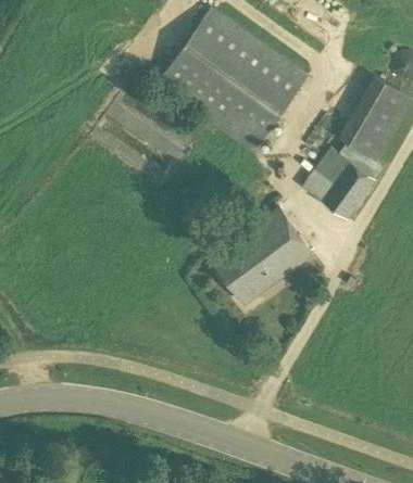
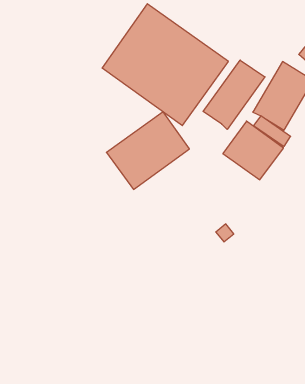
building: none -> [203,60,265,129]
building: [212,207,312,301] -> [106,112,189,189]

